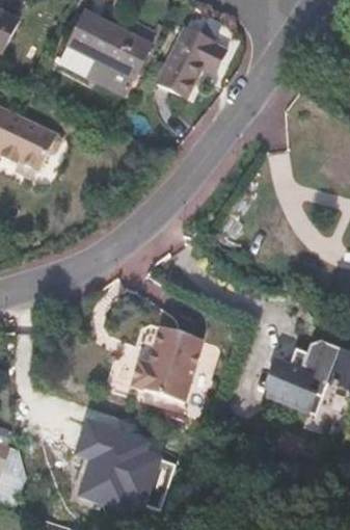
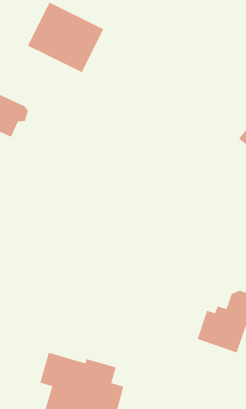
building: [154,23,233,94] -> none
building: [131,333,206,409] -> none

